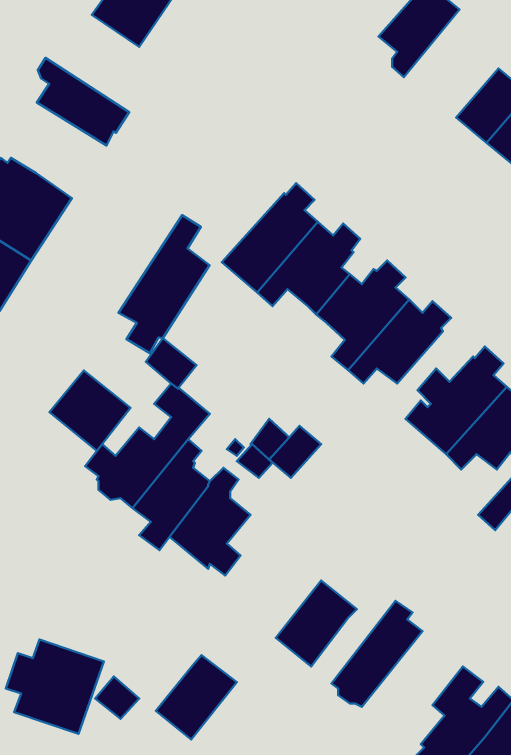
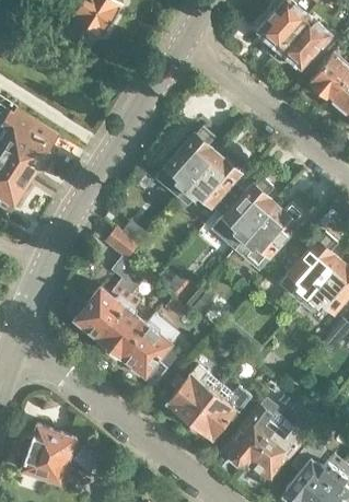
building: none -> [272,14,334,69]
building: [37,58,129,145] -> none
building: [119,215,209,353] -> none
building: [50,370,131,451] -> none
building: none -> [245,418,309,480]
building: [156,655,237,739] -> [166,367,219,422]

